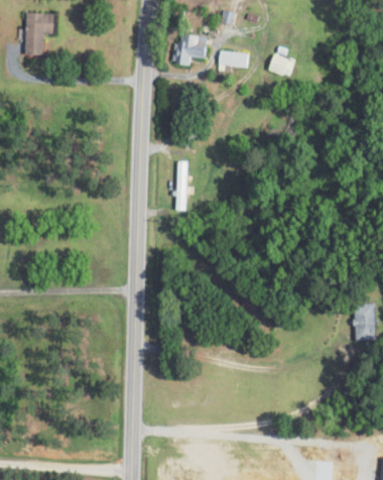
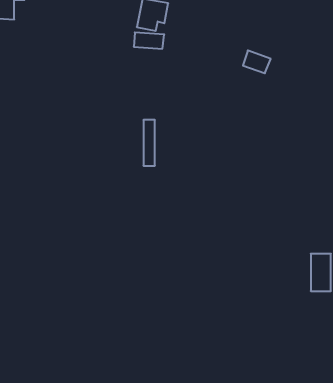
building: [217,51,249,69] -> [134,32,164,49]
building: [267,53,296,78] -> [243,50,271,73]

